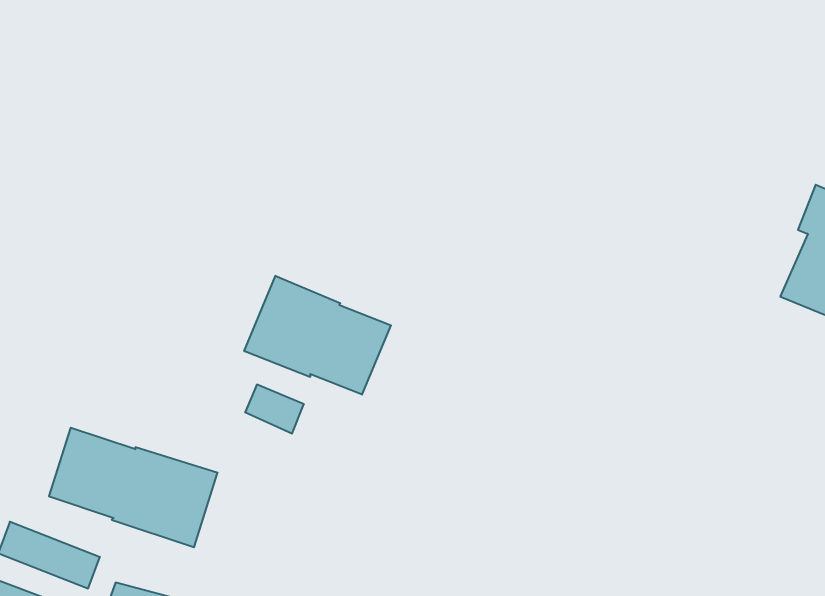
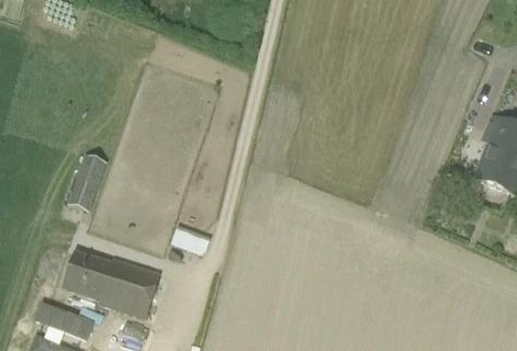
building: none -> [71,150,108,207]
building: [244,276,391,395] -> none

